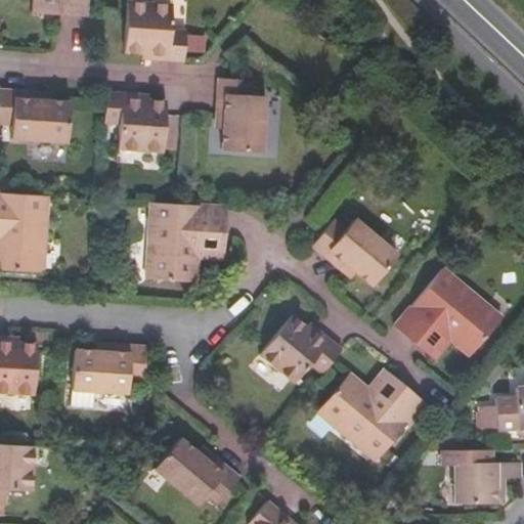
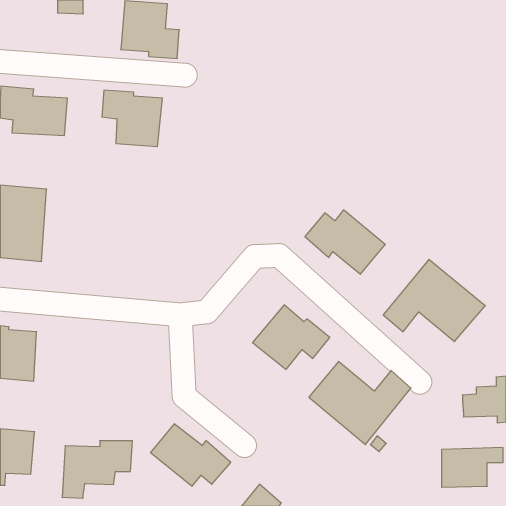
building: [216,78,266,151] -> none
building: [146,203,226,281] -> none
building: [73,346,145,405] -> [62,441,132,498]

